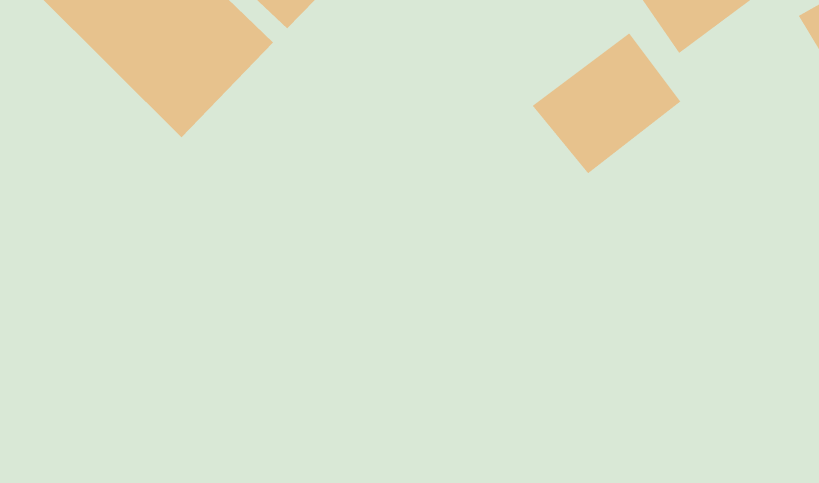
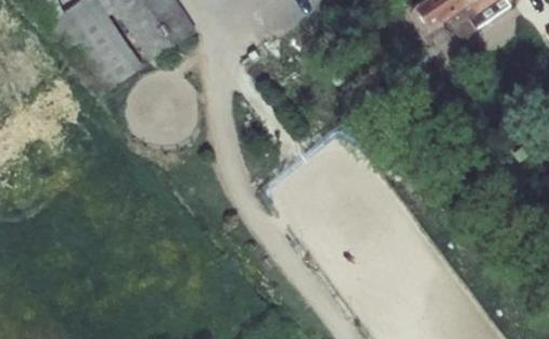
building: [532,32,681,174] -> none

